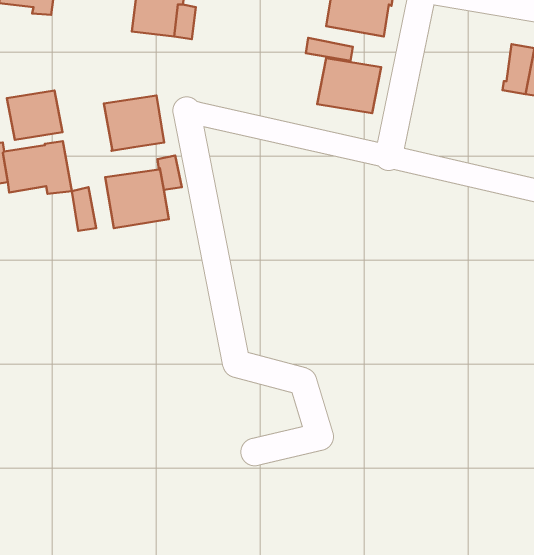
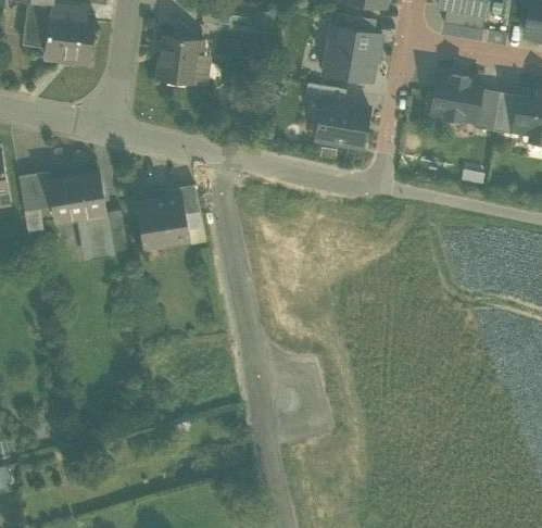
building: none -> [429,76,481,121]
building: [7,91,63,140] -> none
building: [104,96,164,151] -> none
building: none -> [75,214,113,259]

